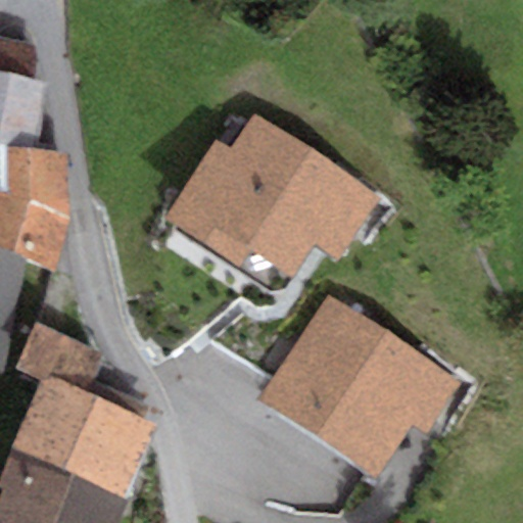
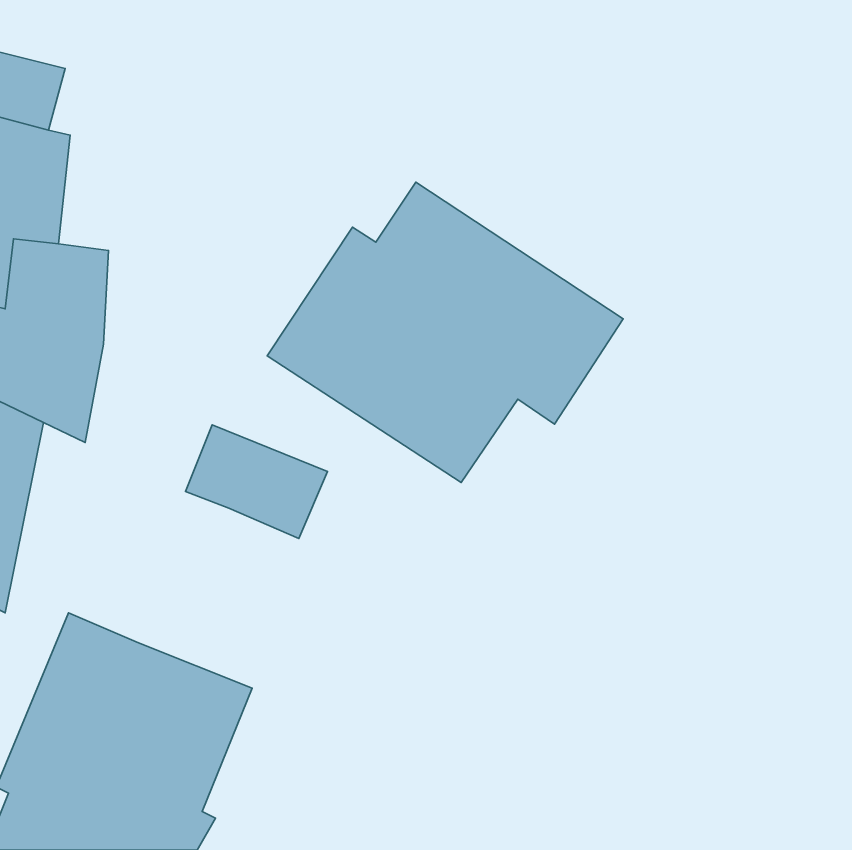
building: [257,294,461,478] -> none
building: [15,324,102,393] -> [185,425,327,538]

